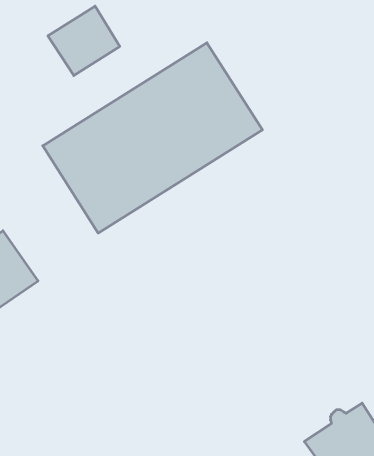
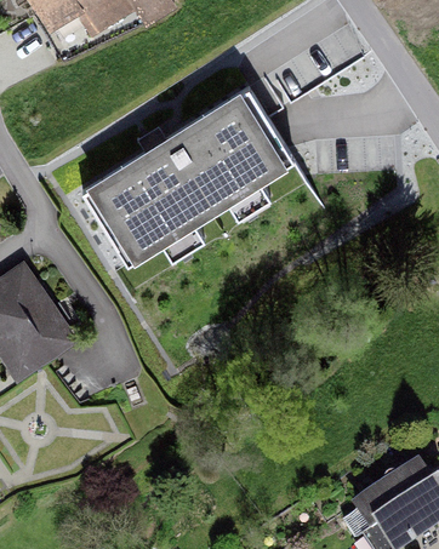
building: [48,6,120,76] -> none

